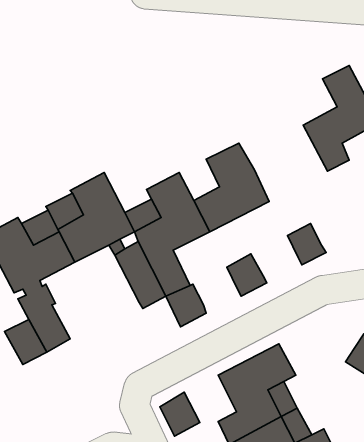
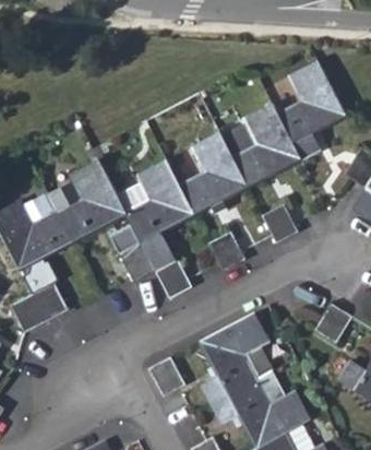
building: none -> [234,105,299,186]

